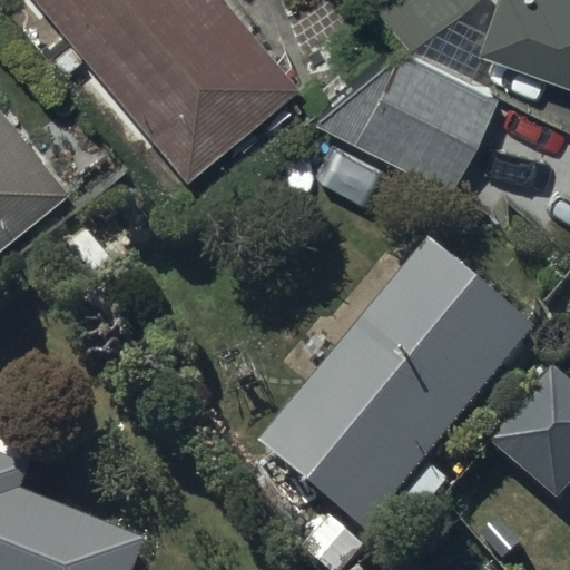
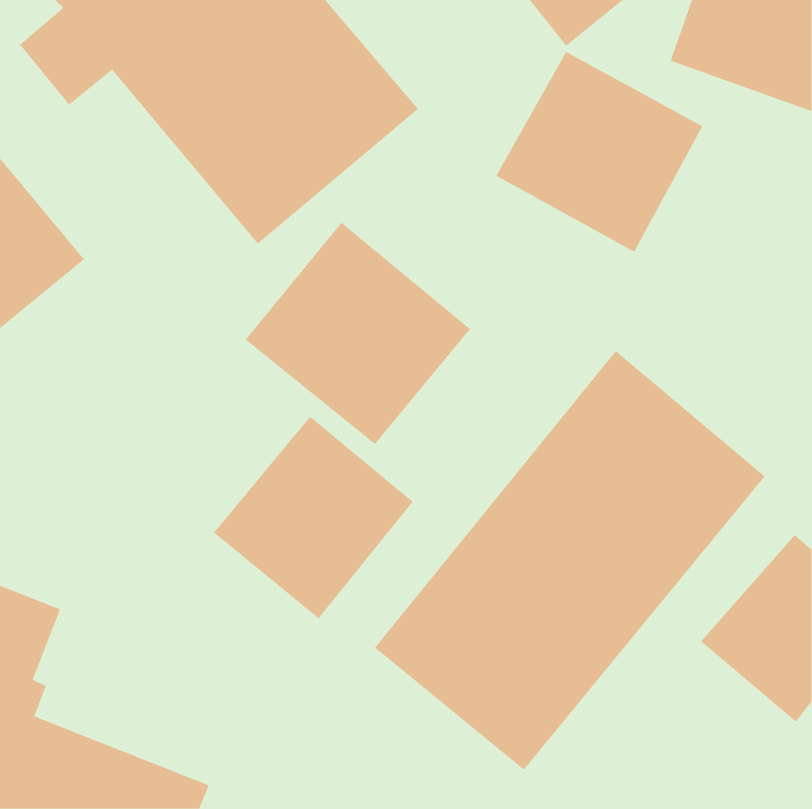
building: none -> [245,222,471,445]
building: none -> [213,416,413,619]

